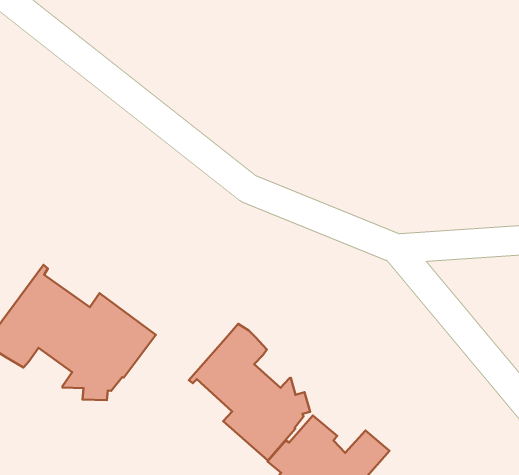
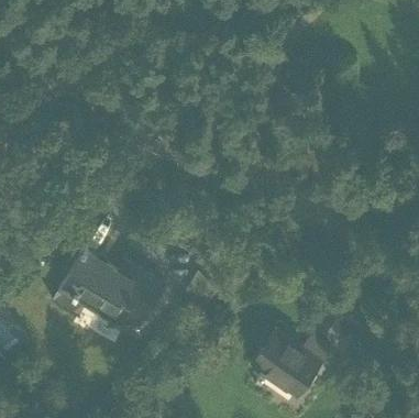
building: [189,324,310,460] -> none

